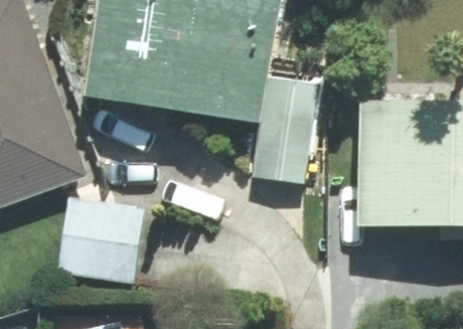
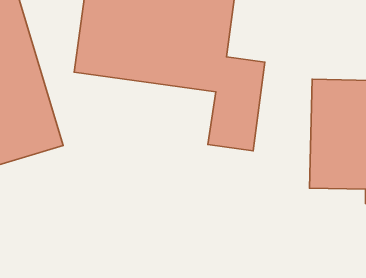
building: [53,198,143,285] -> none

